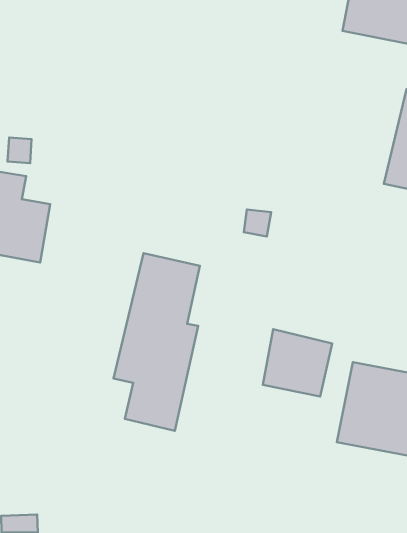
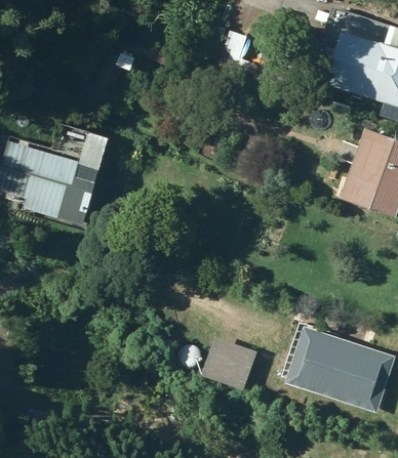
building: [113,253,200,431] -> none
building: [263,329,332,396] -> [202,336,256,389]

